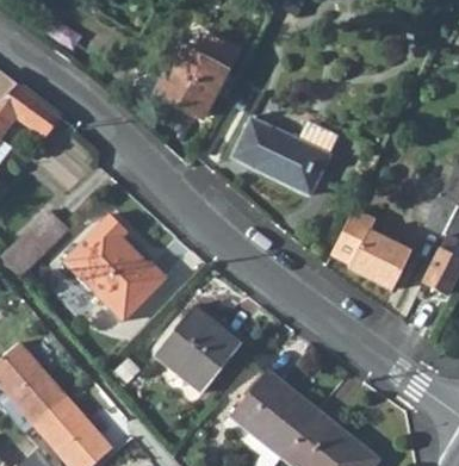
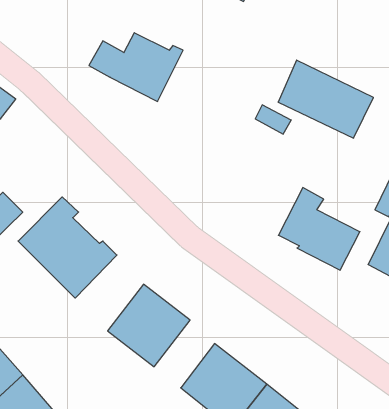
building: [234,116,331,195] -> [278,60,373,138]

